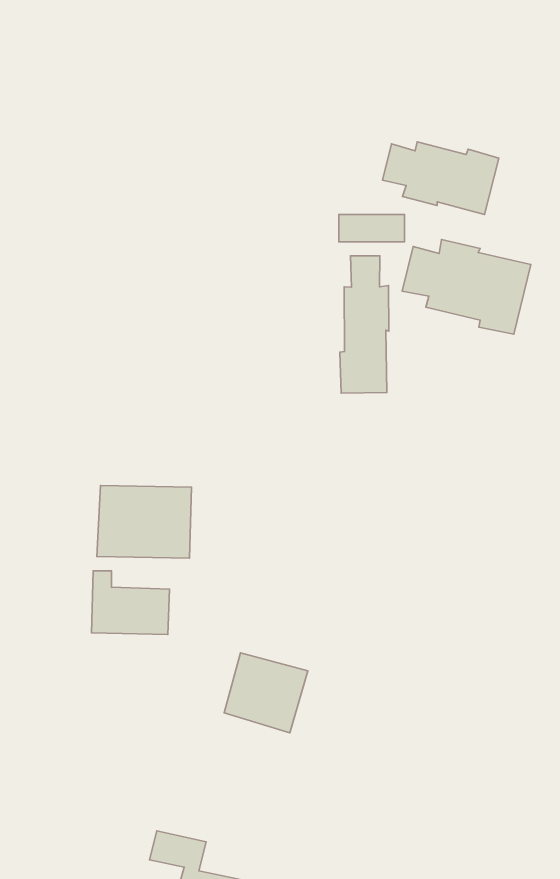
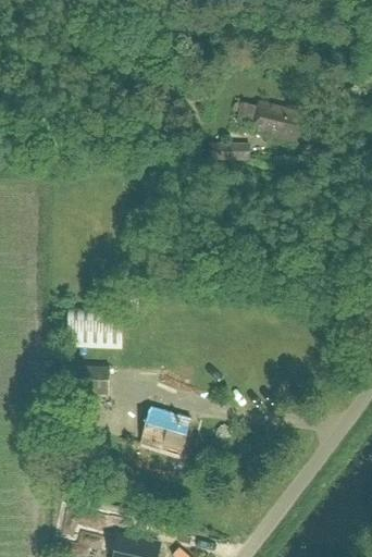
building: [402,240,531,334] -> none
building: [340,256,389,393] -> none

